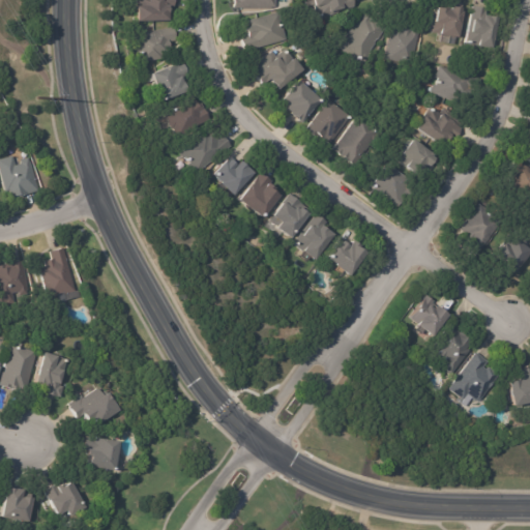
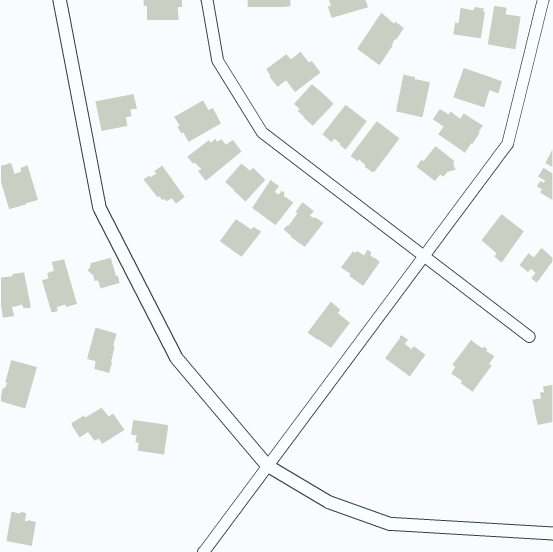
building: [243,11,289,50] -> none
building: [388,22,422,64] -> [395,74,431,118]
building: [136,26,177,62] -> [94,94,138,131]
building: [155,60,192,100] -> none
building: none -> [143,165,186,204]
building: [371,163,417,205] -> none
building: none -> [219,218,262,258]
building: [293,213,335,259] -> [306,301,351,349]
building: none -> [86,257,120,289]
building: [409,294,449,335] -> [384,334,426,378]
building: [37,352,67,396] -> [86,327,117,373]
building: [448,352,499,403] -> none
building: [85,437,122,471] -> [130,420,169,455]
building: [46,483,87,517] -> none

